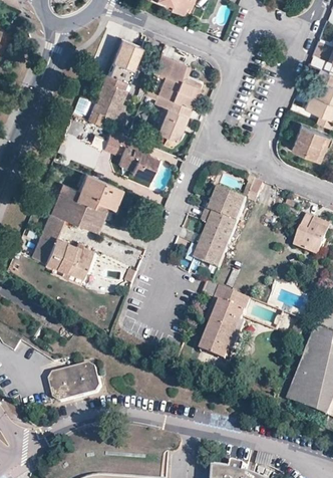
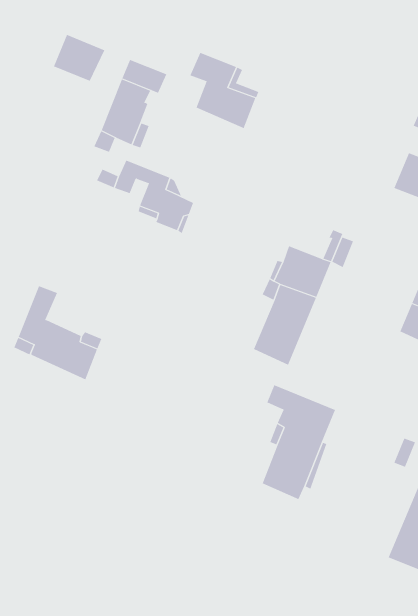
building: [112,38,147,70] -> [53,34,105,81]
building: [153,93,190,142] -> none
building: [50,173,120,232] -> none
building: [50,364,101,402] -> none

